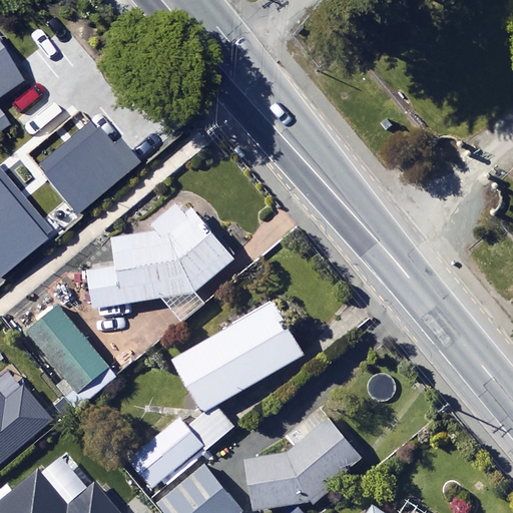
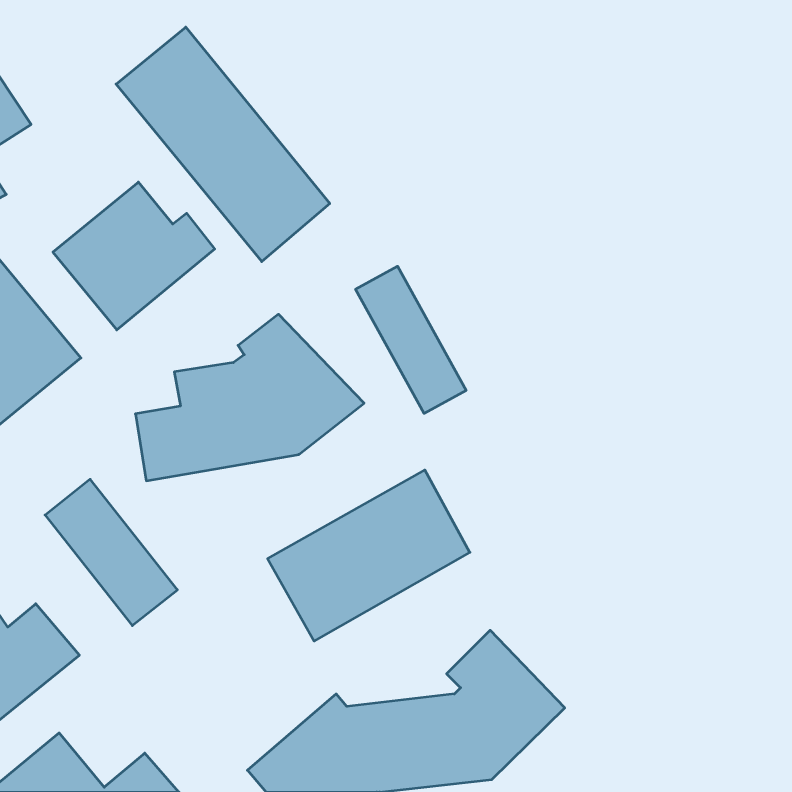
building: none -> [116,27,330,262]
building: none -> [356,266,466,413]
building: [129,408,229,489] -> none

